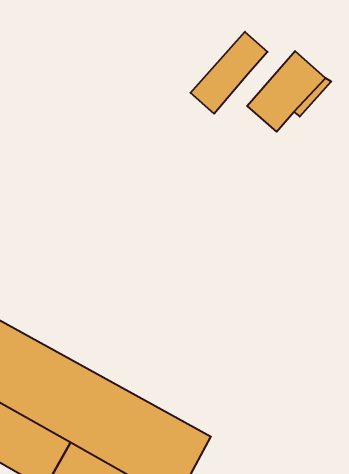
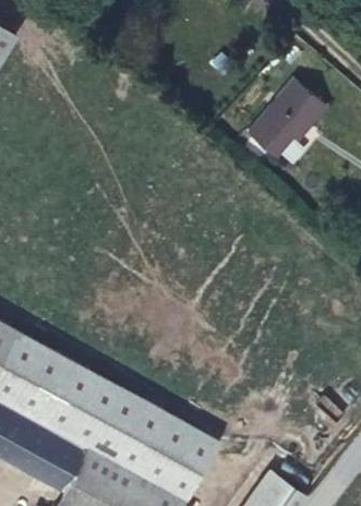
building: [190,32,268,114] -> none

